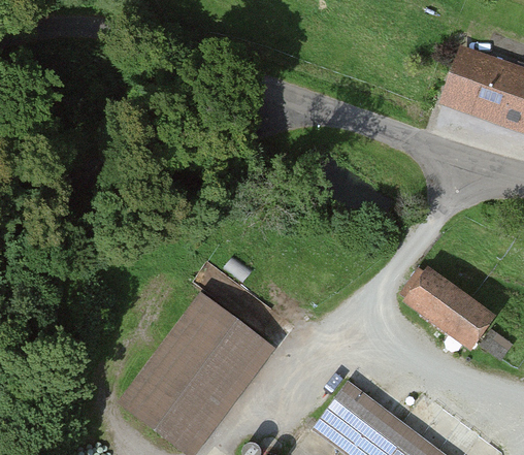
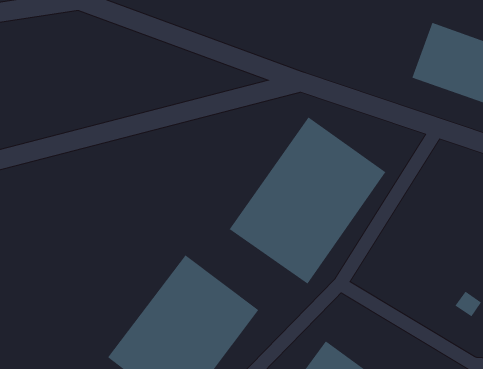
building: none -> [229,117,386,284]
building: [402,267,497,352] -> none

